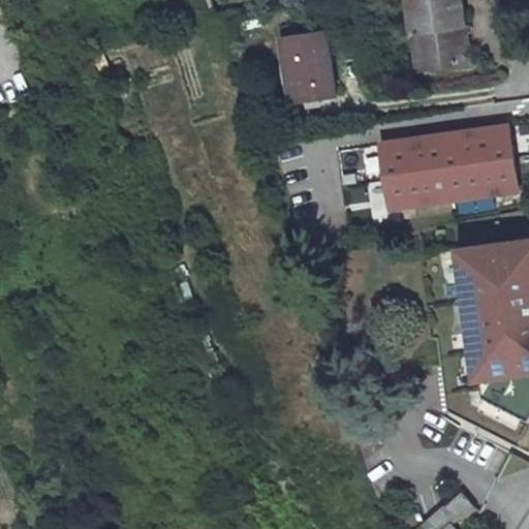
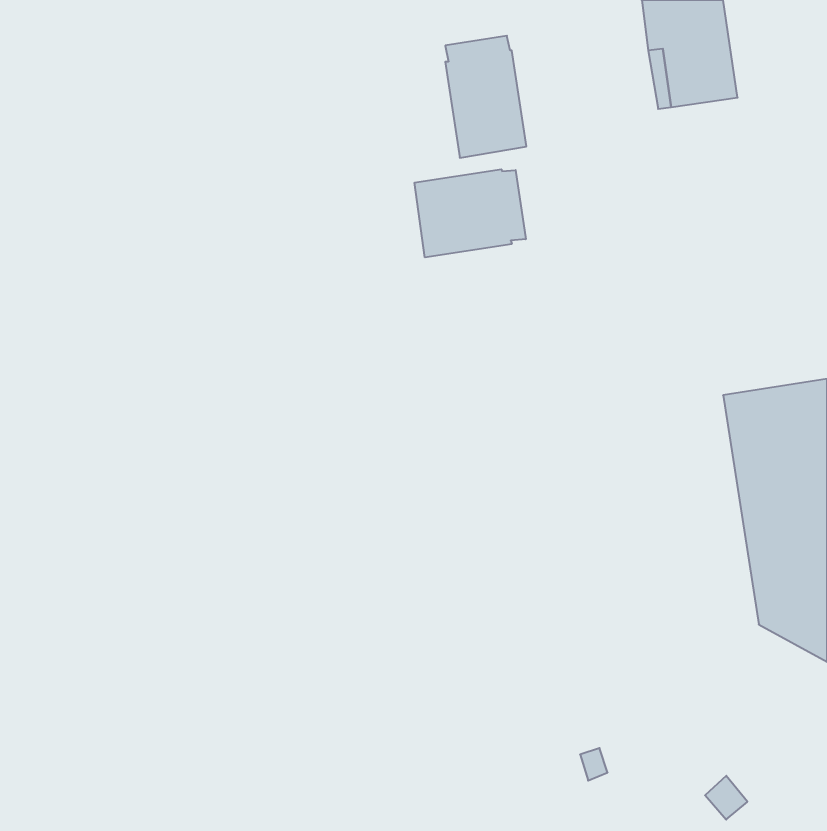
building: none -> [415,169,526,257]
building: [384,126,518,209] -> none

